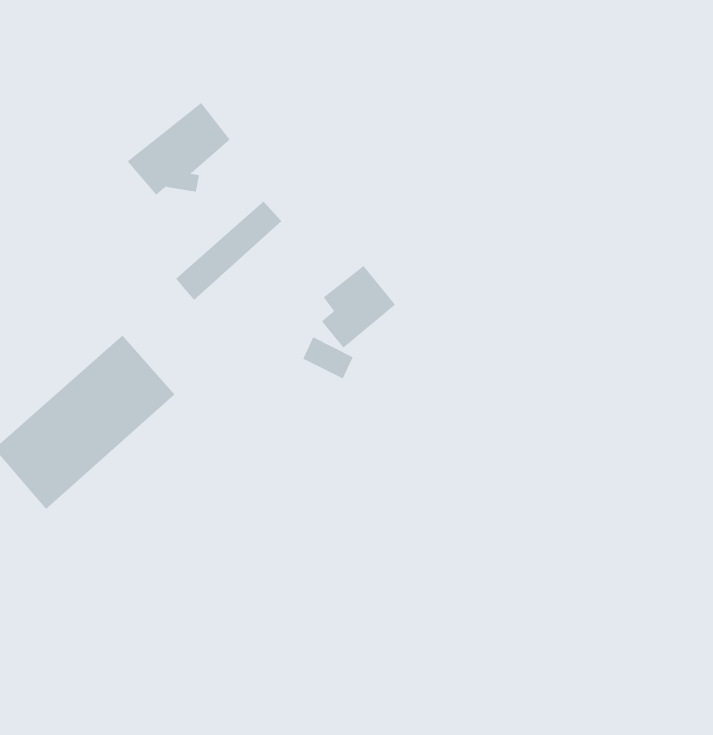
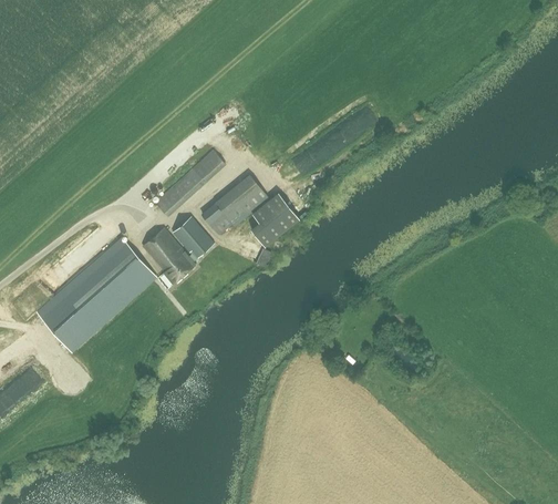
building: [127,102,230,196] -> [200,174,268,235]
building: none -> [142,217,214,284]

